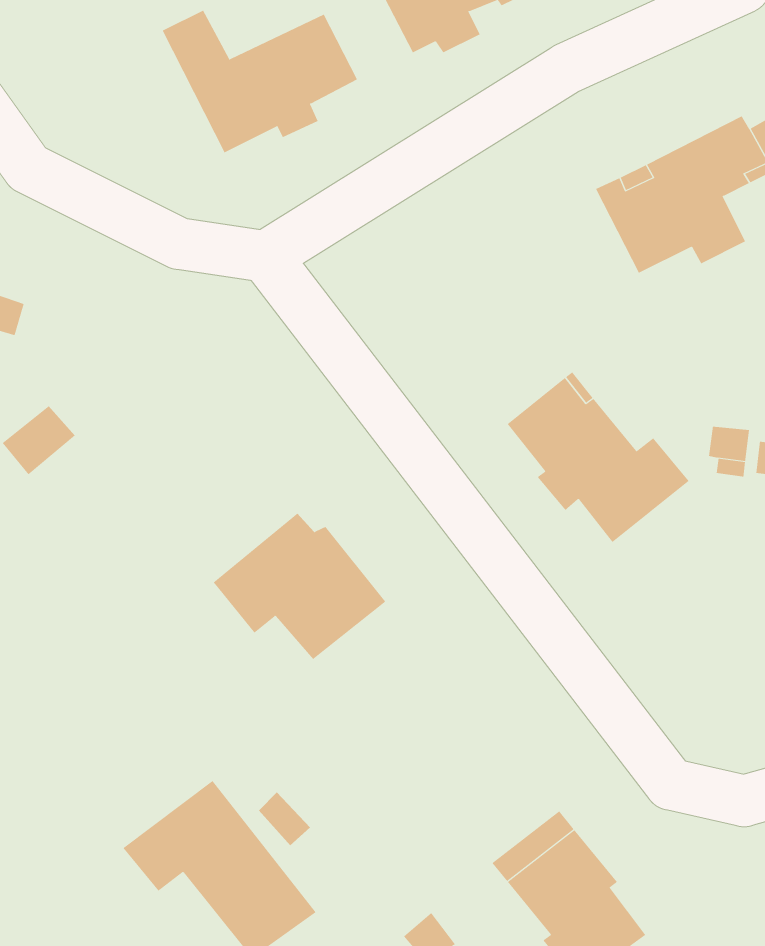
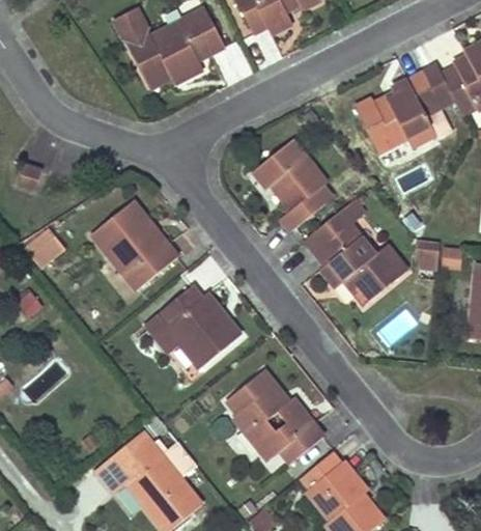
building: none -> [254,139,332,229]
building: none -> [92,200,176,287]
building: none -> [225,370,321,462]

